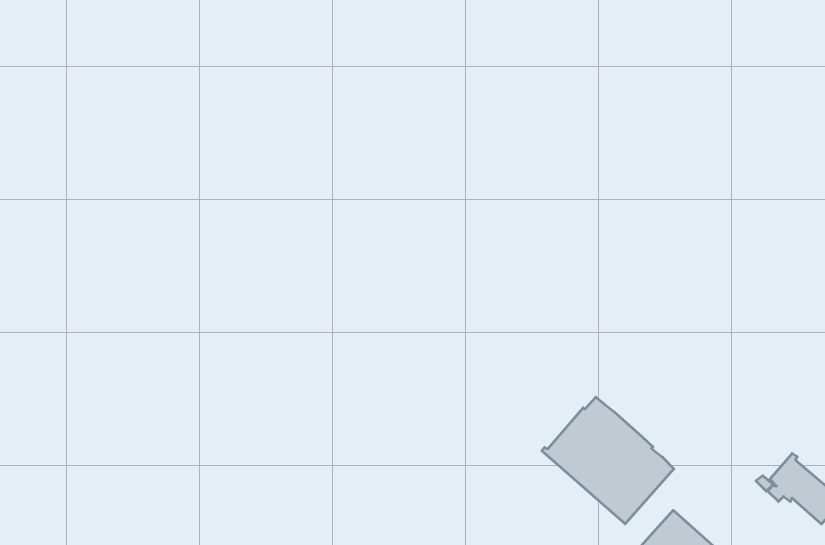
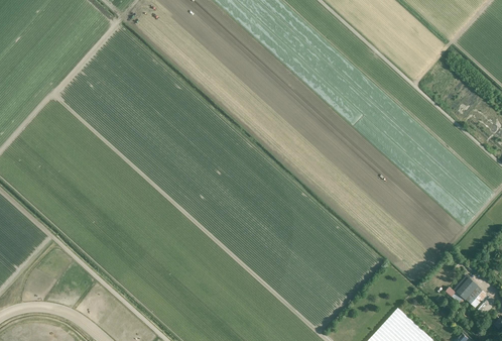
building: [542,397,674,524] -> none

